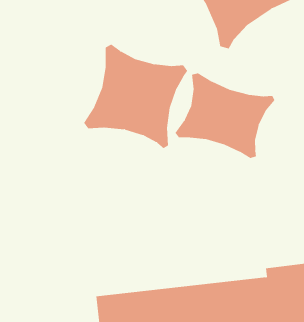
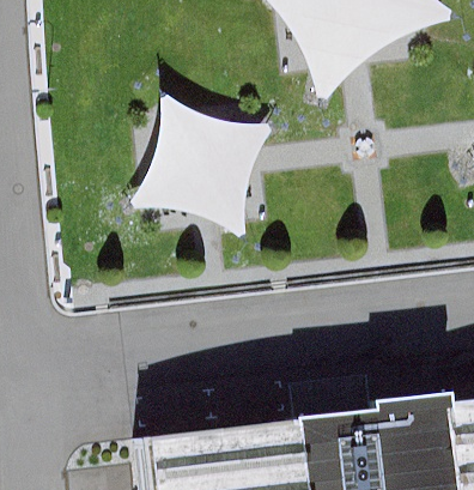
building: [175,72,275,159] -> none

